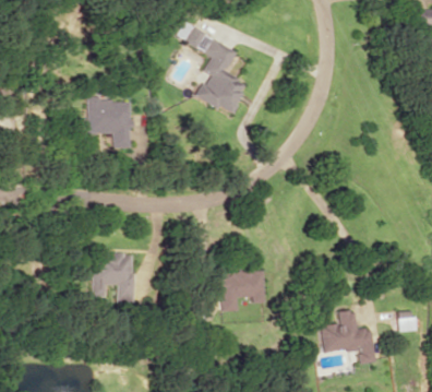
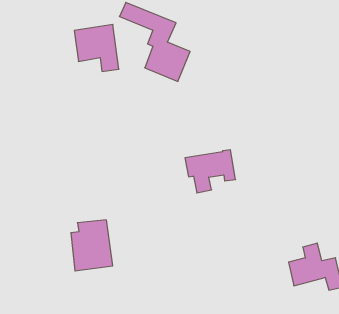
building: [87,98,130,147] -> [74,24,119,71]
building: [215,270,266,311] -> [185,150,236,193]

